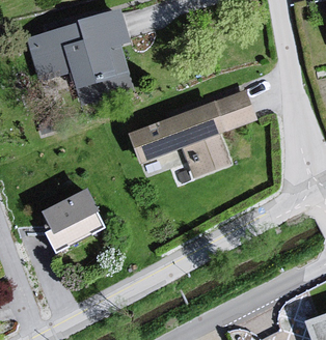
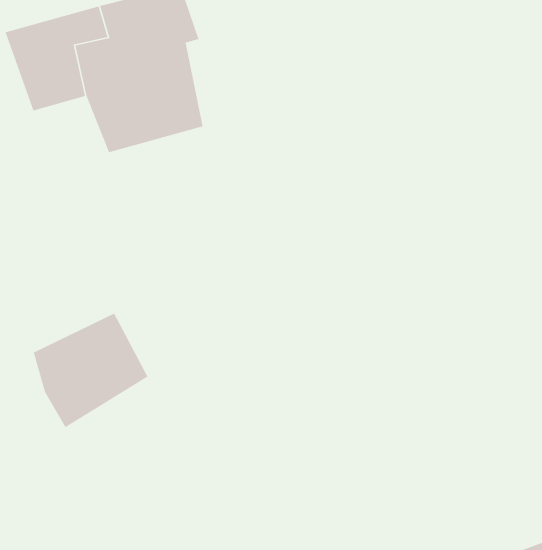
building: [129,90,257,181] -> none

